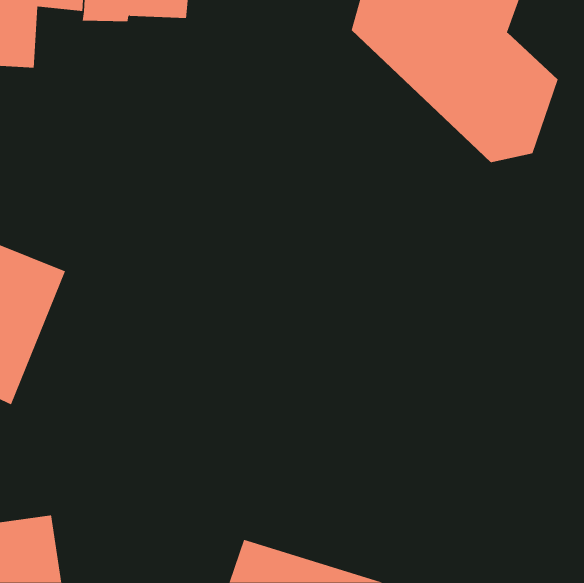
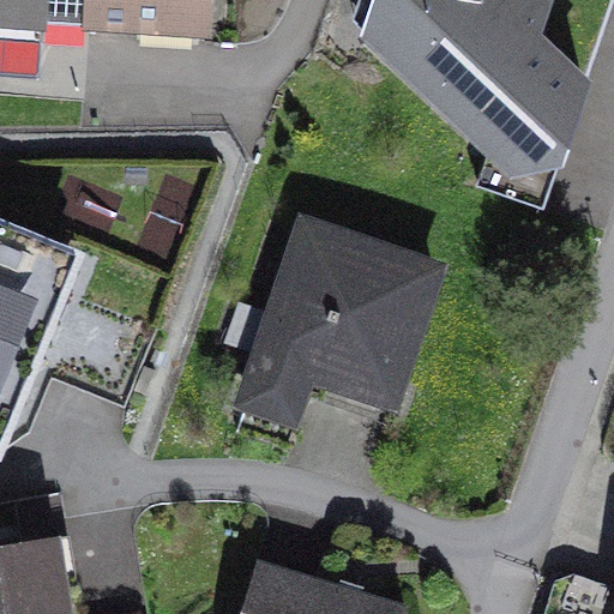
building: none -> [233,223,429,445]

